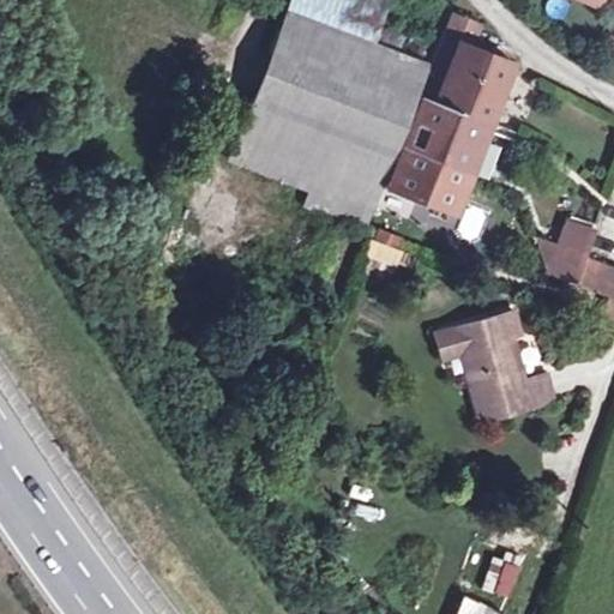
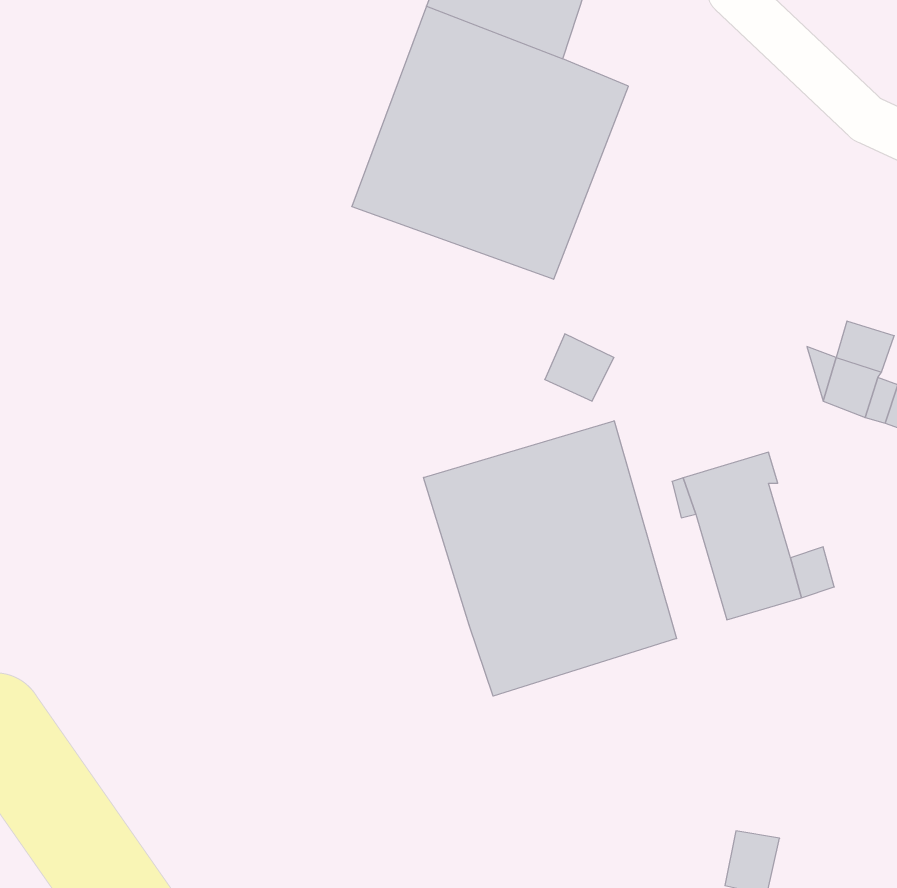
building: [390,18,516,215] -> none
building: [233,146,373,228] -> none
building: none -> [424,421,677,696]

